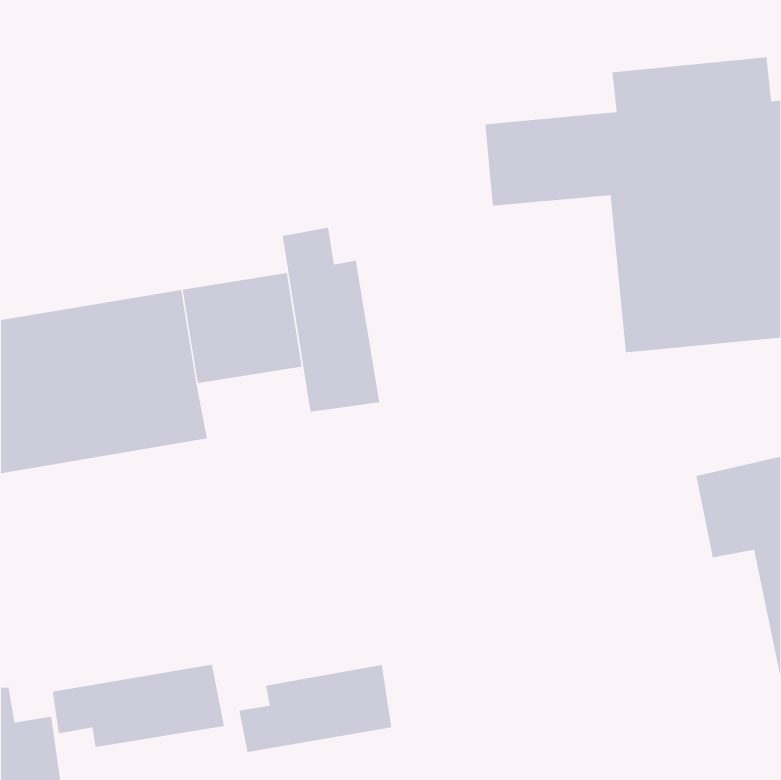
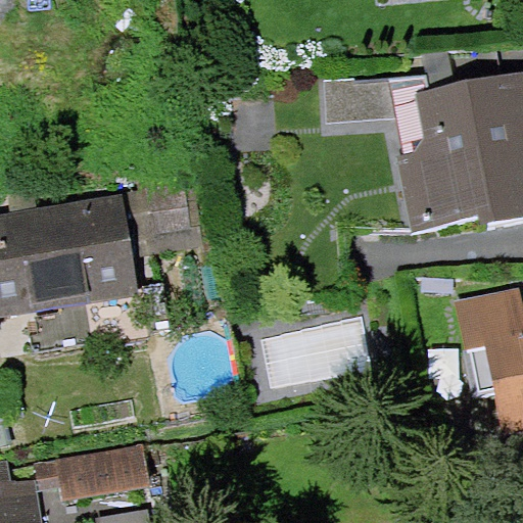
building: [282,227,380,412] -> none
building: [238,664,392,753] -> none

